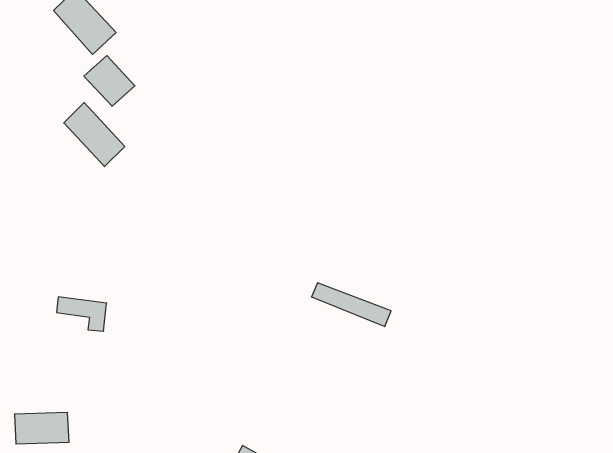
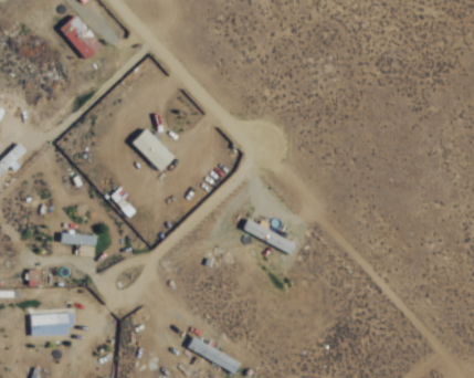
building: [84,56,135,106] -> none
building: [64,103,125,167] -> [131,126,175,171]

